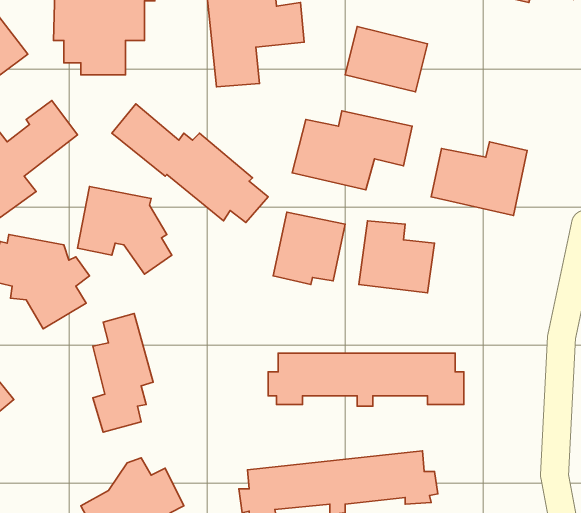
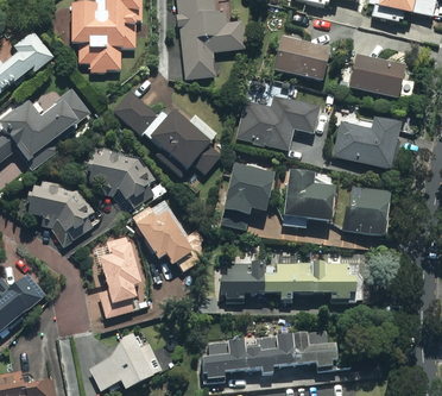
building: none -> [348,55,404,99]
building: none -> [341,186,390,237]
building: none -> [133,212,204,271]

